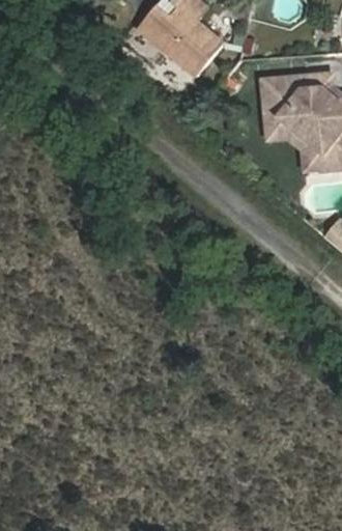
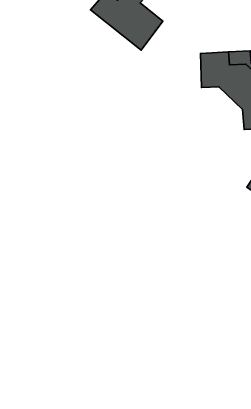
building: [268,118,319,170] -> none

